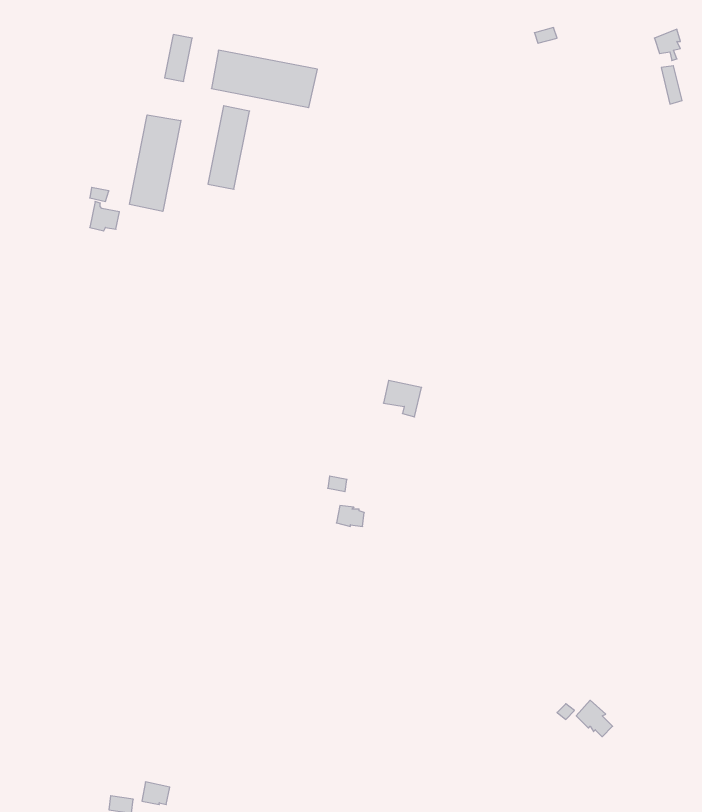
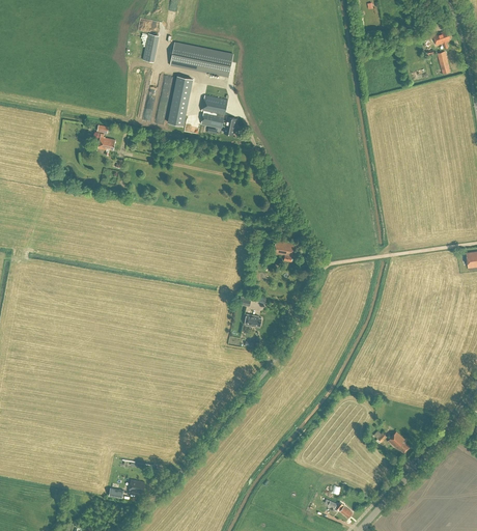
building: [130,115,181,211] -> none
building: none -> [200,95,234,135]

